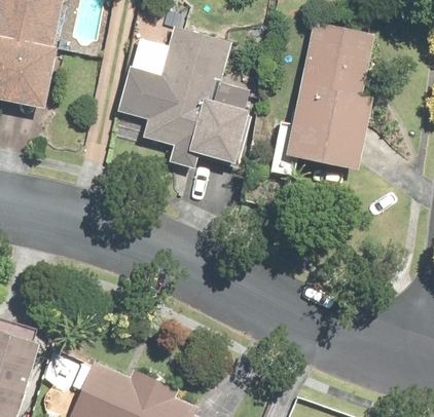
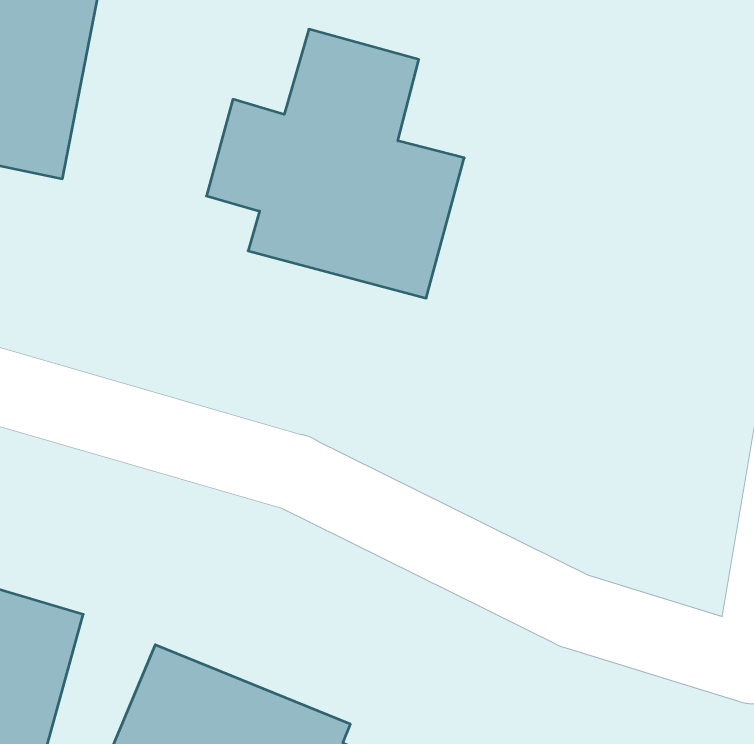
building: [286,21,387,169] -> none

